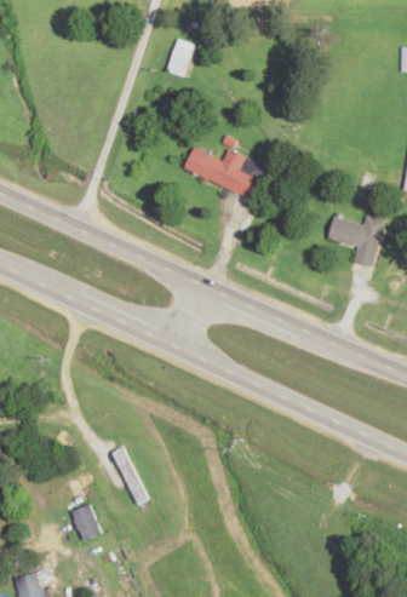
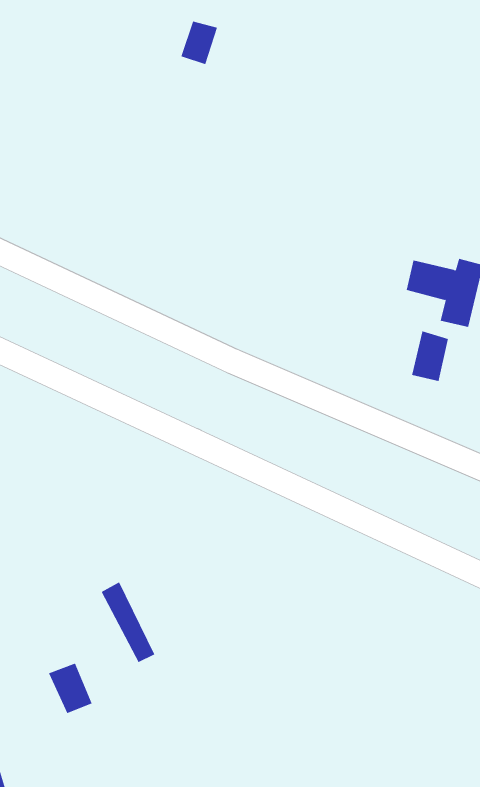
building: [184,148,263,196] -> none
building: none -> [411,331,449,382]

